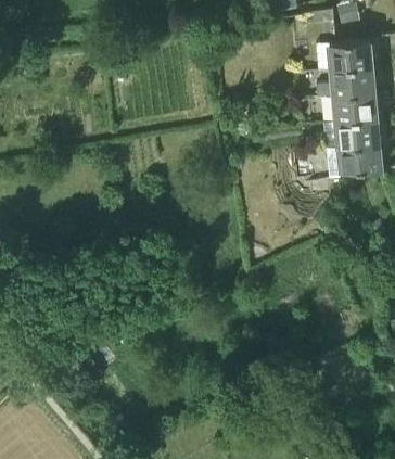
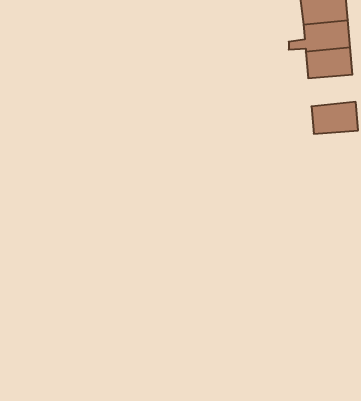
building: [334,117,380,148] -> none

